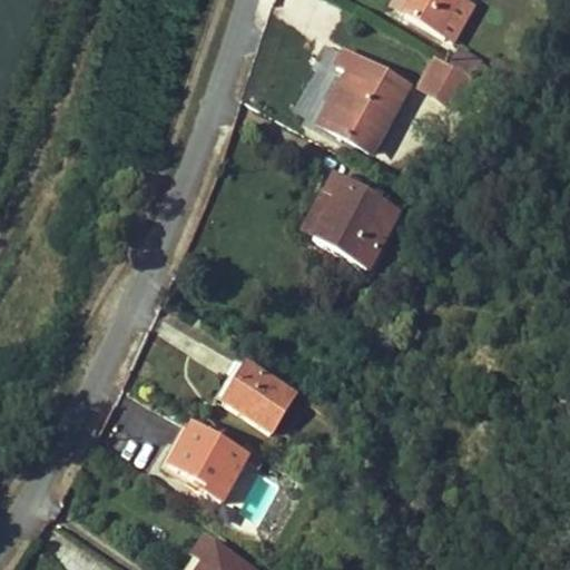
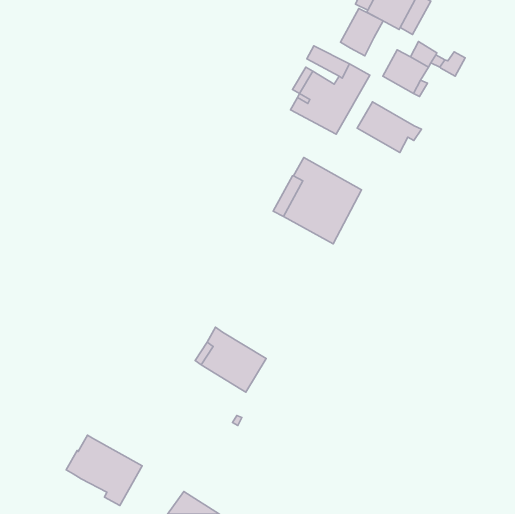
building: none -> [340,8,383,56]
building: none -> [357,102,421,153]
building: [165,422,248,499] -> [66,435,142,505]

